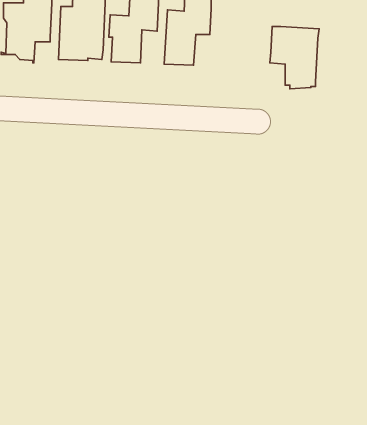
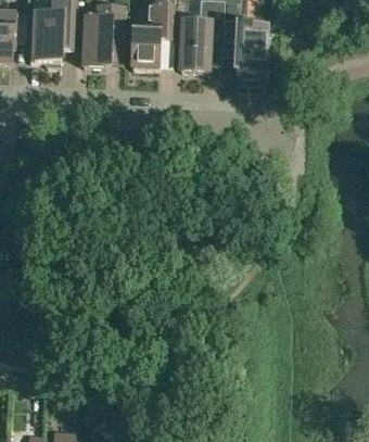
building: [270,26,319,89] -> [220,18,266,76]

